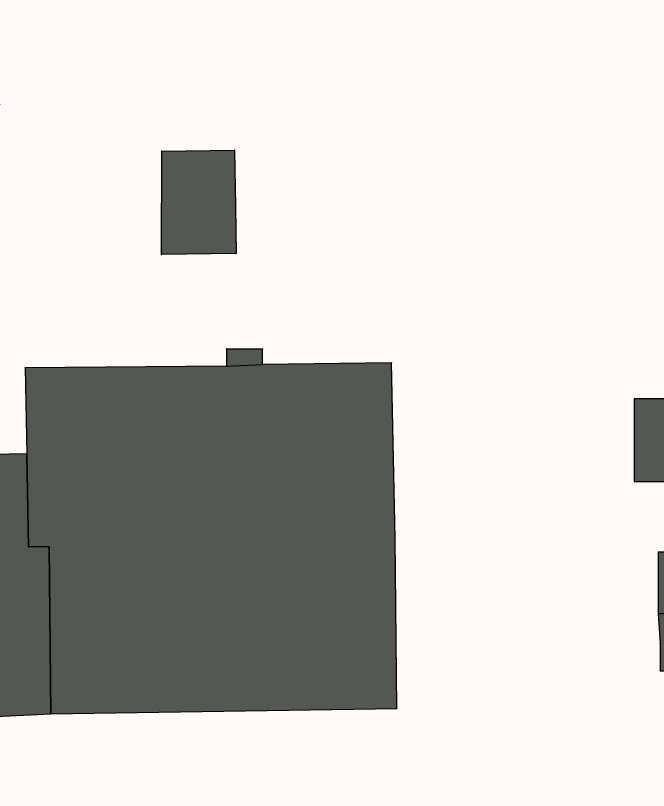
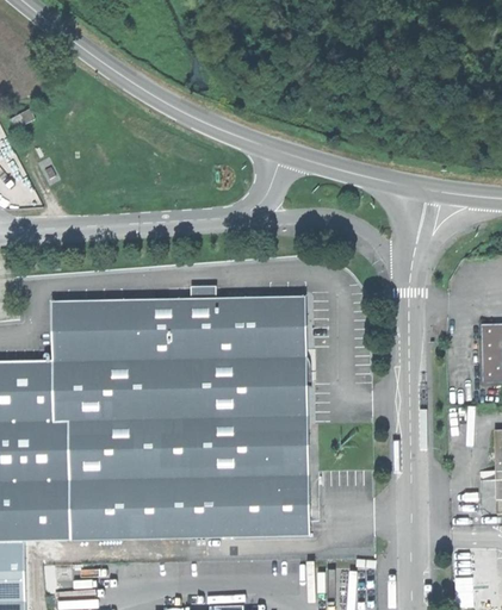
building: [162,150,236,255] -> none

